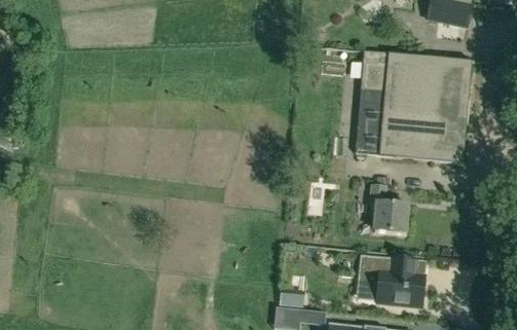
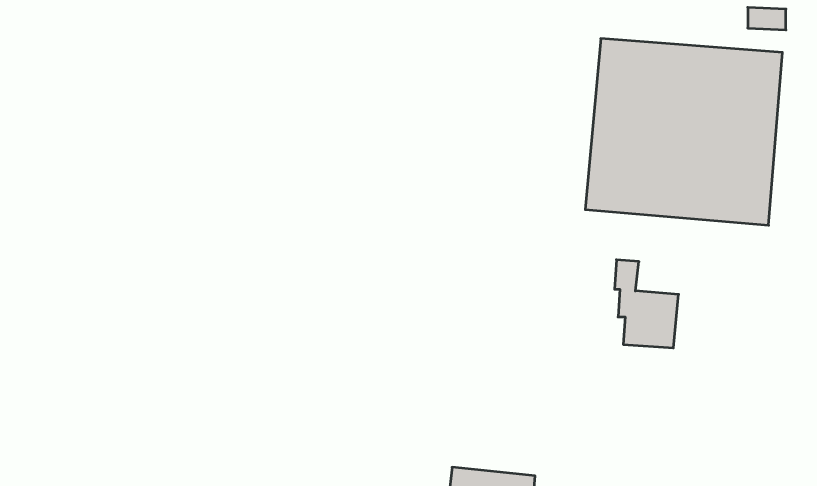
building: [363,255,423,306] -> none

